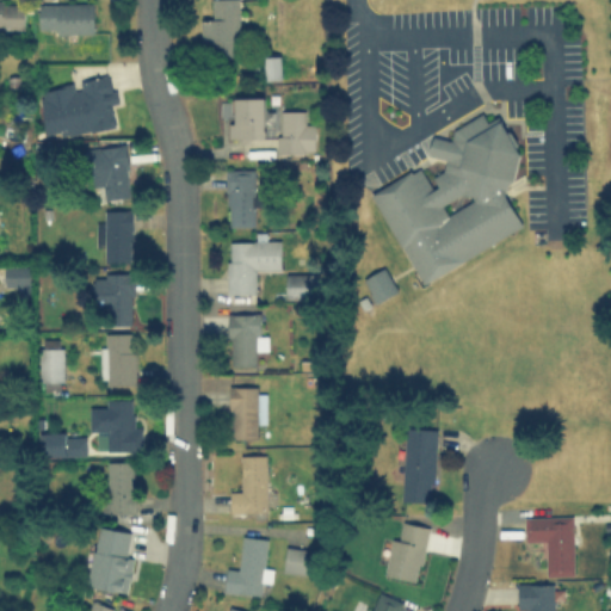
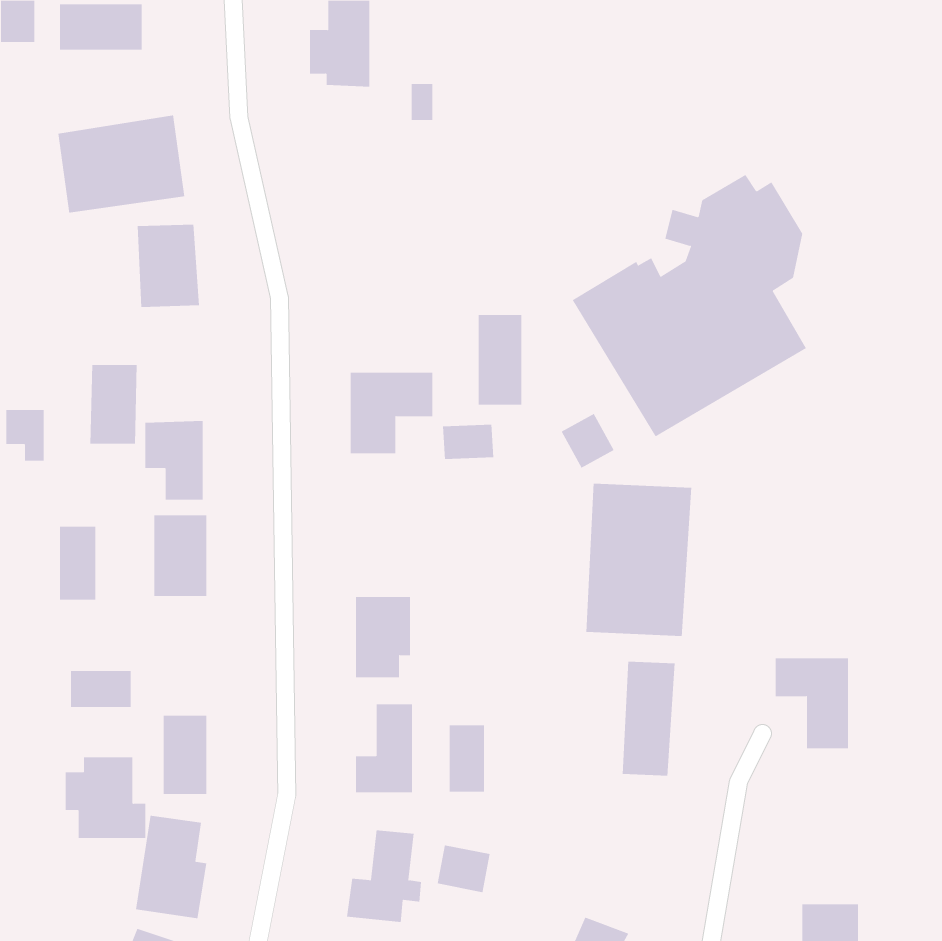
building: [232,99,265,141] -> none
building: [279,112,316,155] -> none
building: [228,171,257,229] -> [478,314,522,405]
building: [103,212,134,264] -> [90,365,138,444]
building: none -> [586,483,692,637]
building: [229,315,269,368] -> none
building: [91,401,143,453] -> [65,757,146,838]
building: none -> [449,724,485,792]
building: [526,519,574,578] -> [775,658,849,749]
building: [387,523,430,584] -> none

